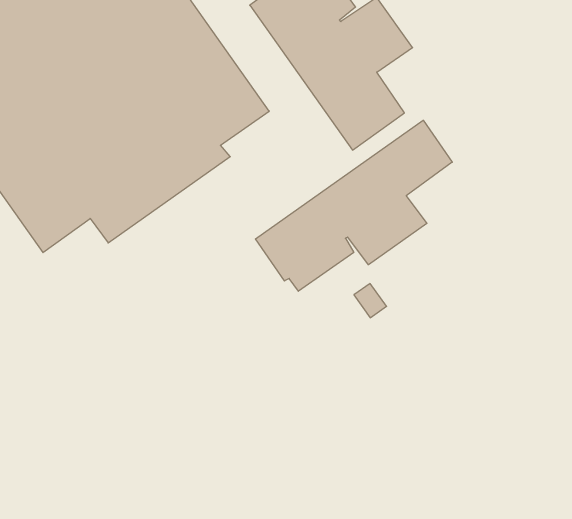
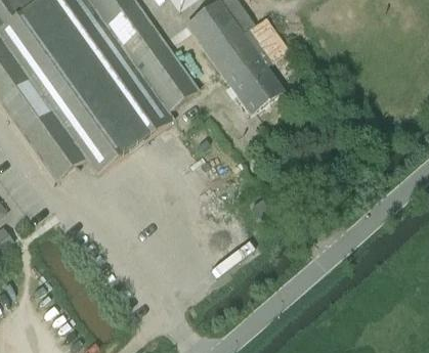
building: [255,120,452,291] -> none

